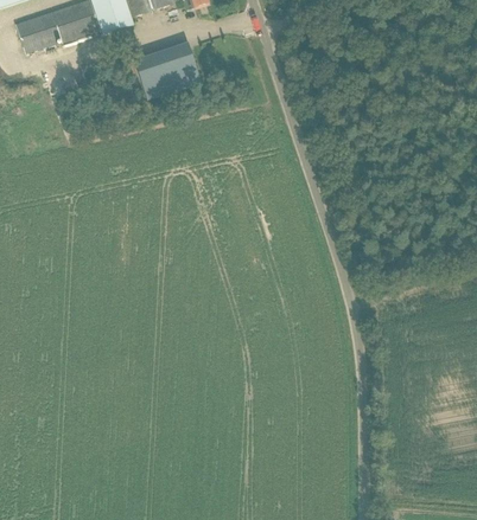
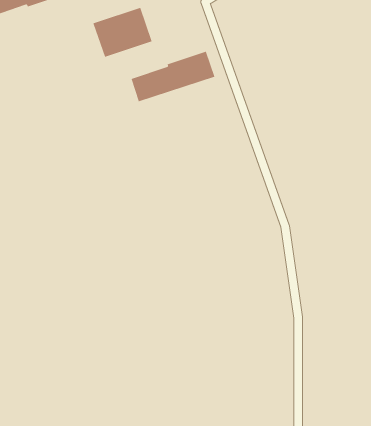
building: none -> [131,51,215,102]

